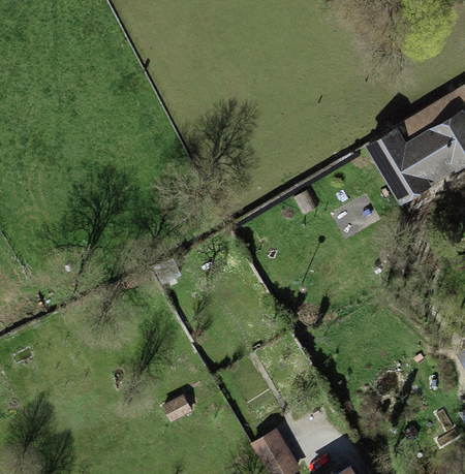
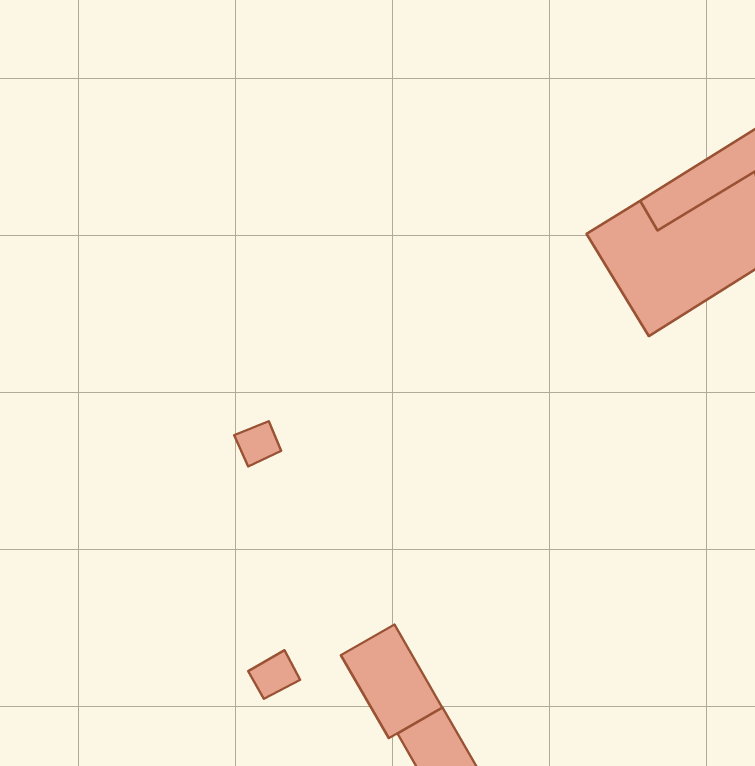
building: none -> [341,625,442,738]

